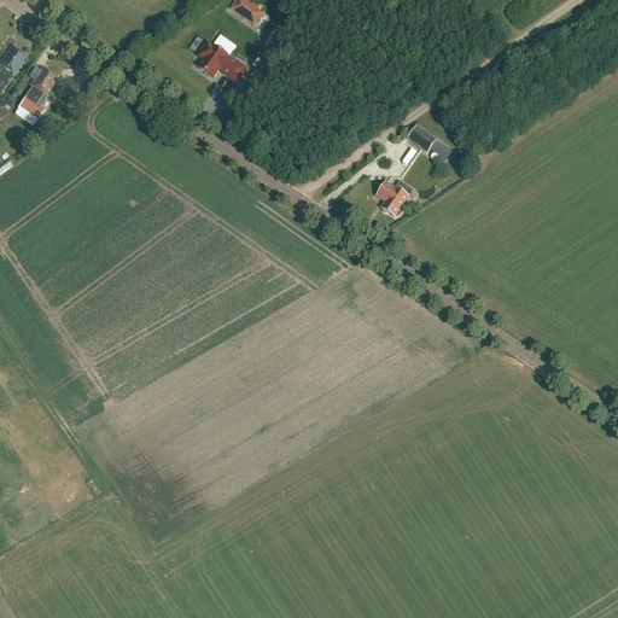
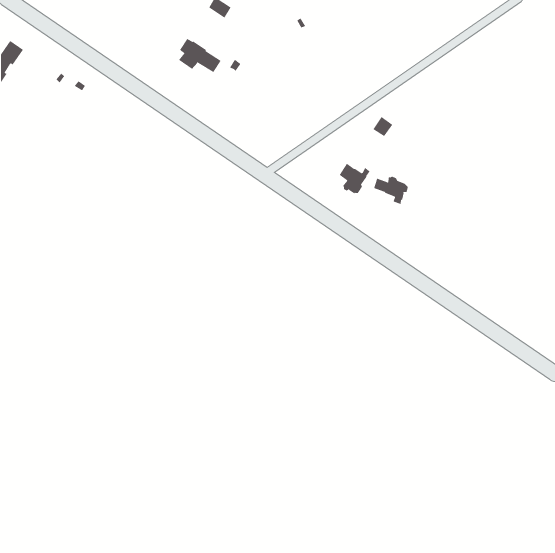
building: [19,66,58,117] -> none
building: none -> [373,176,408,205]

